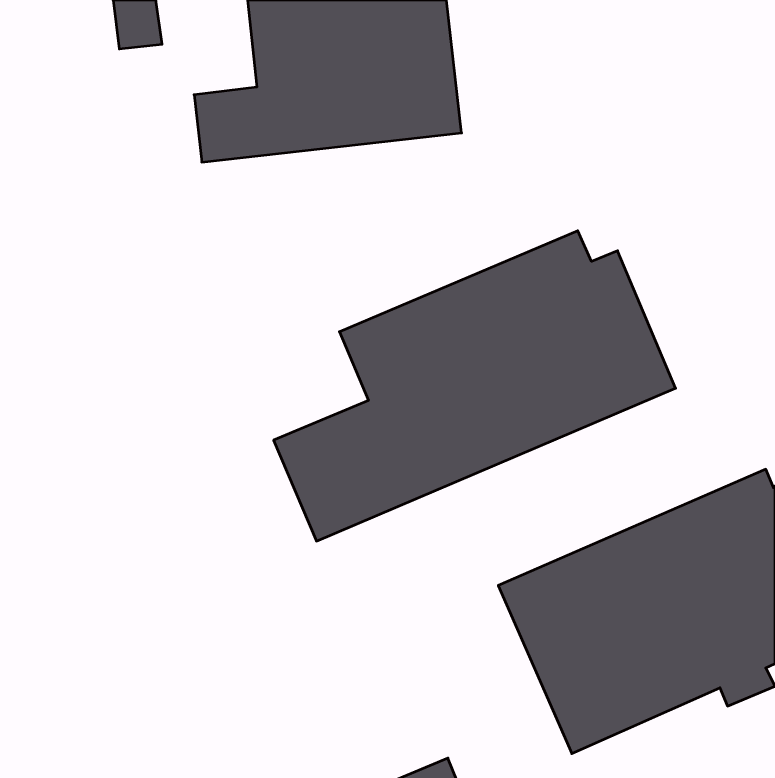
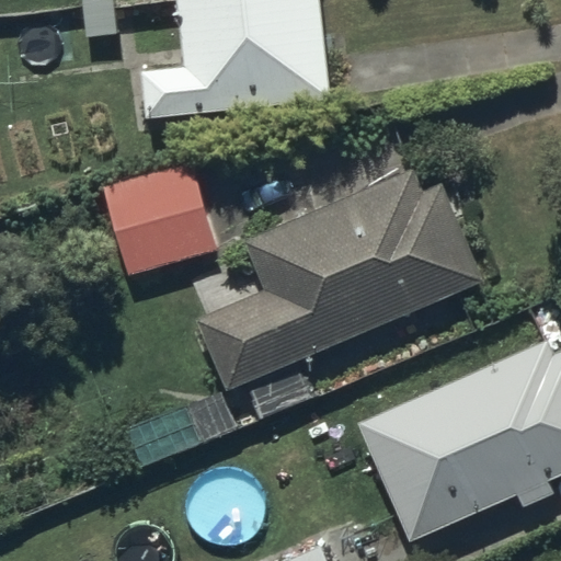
building: none -> [103,161,217,275]

